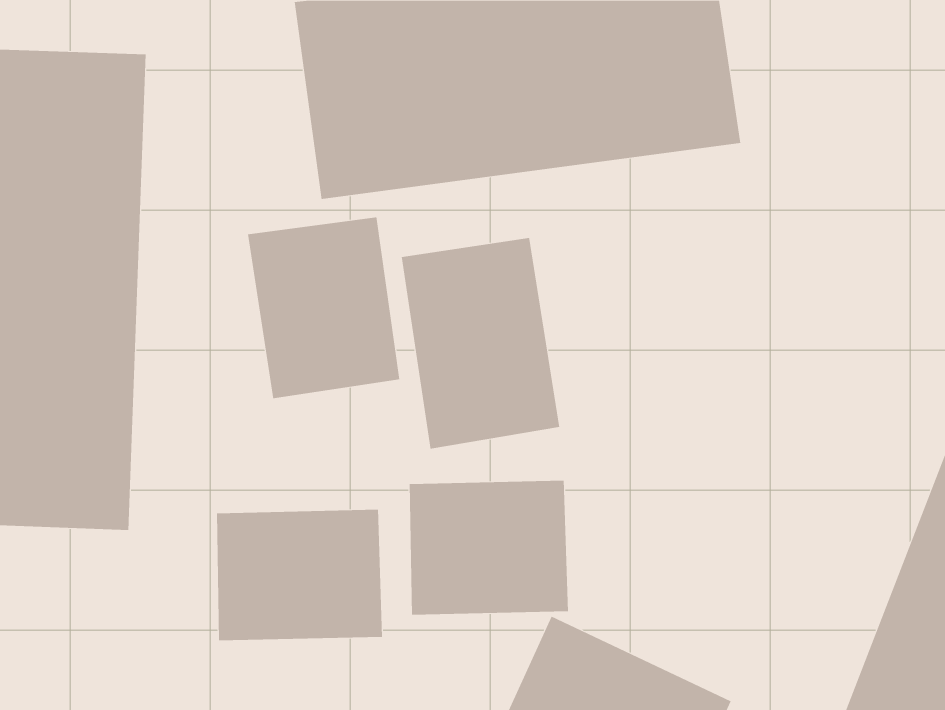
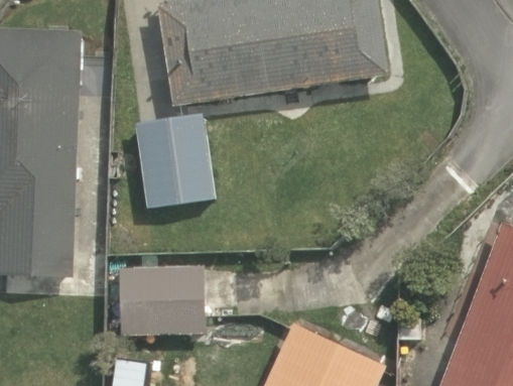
building: [401,237,560,450] -> none
building: [409,480,568,616] -> none

